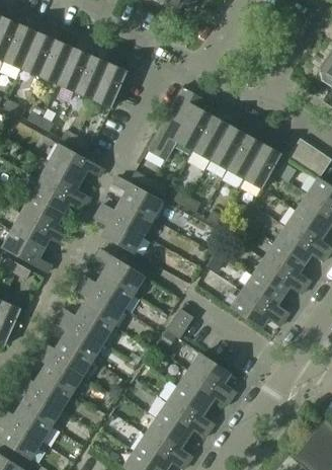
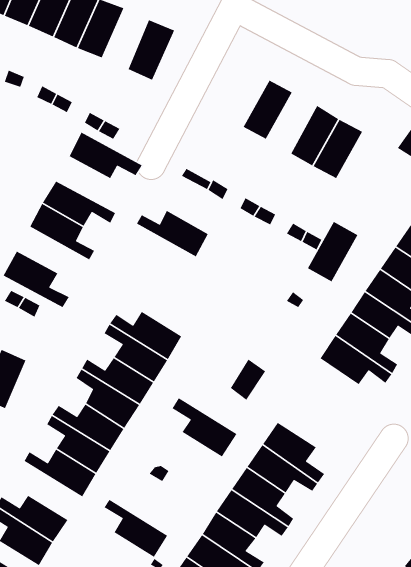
building: [75,55,108,99] -> none
building: [148,87,200,159] -> none
building: [193,115,230,160] -> none
building: [244,144,281,188] -> [307,221,359,283]
building: [42,162,89,203] -> none
building: [113,176,162,218] -> none
building: [95,211,143,252] -> none
building: [13,213,66,246] -> none
building: [96,248,144,292] -> [172,397,238,458]
building: [14,382,61,424] -> [104,499,168,558]

